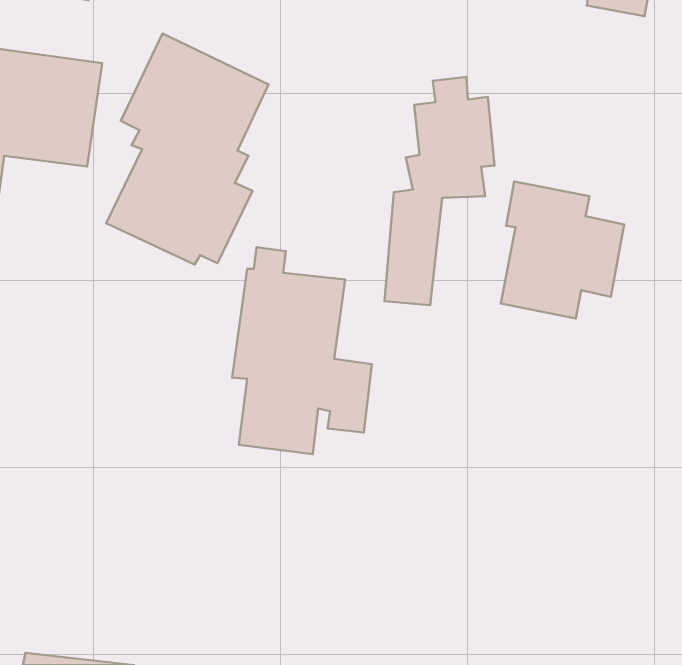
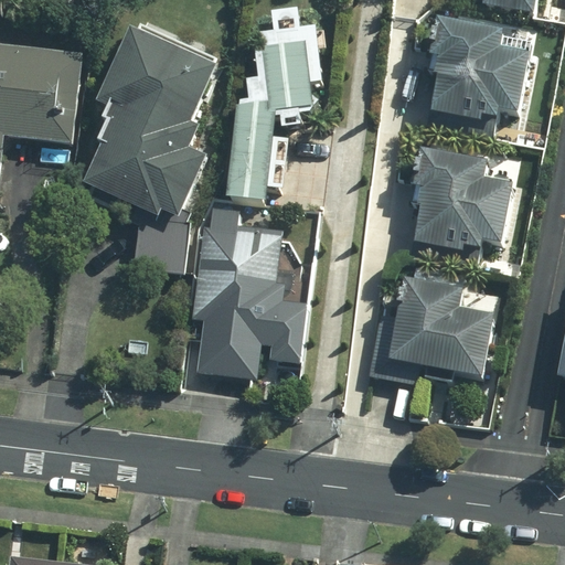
building: none -> [427,19,530,131]
building: [385,77,495,305] -> [230,10,320,198]
building: none -> [369,278,493,379]

